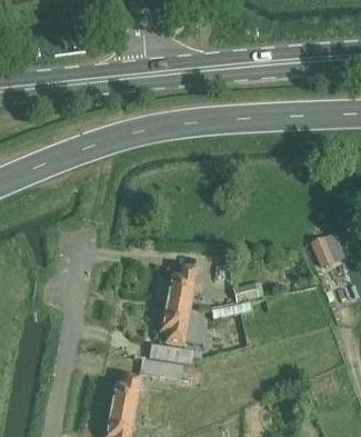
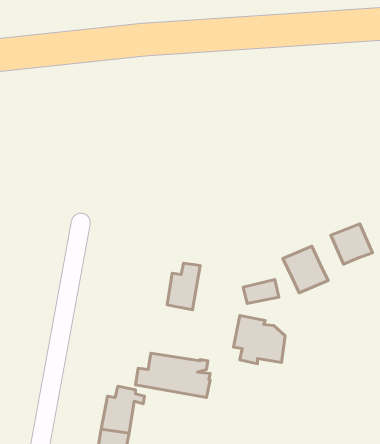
building: none -> [283,246,328,293]
building: [161,301,207,344] -> [233,315,285,364]

